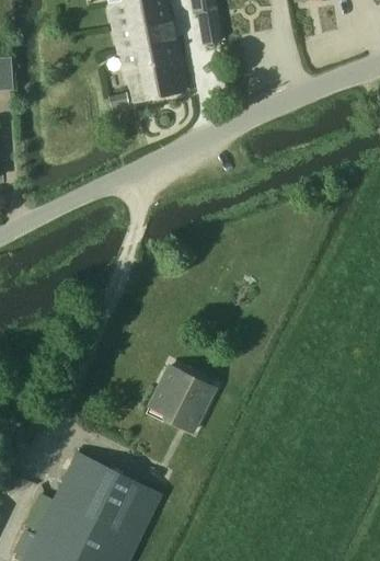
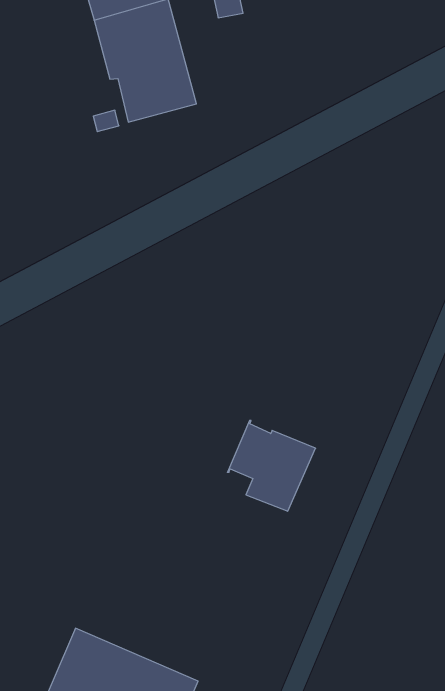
building: [151,366,214,431] -> [227,421,316,511]

